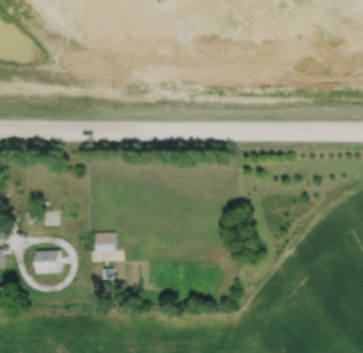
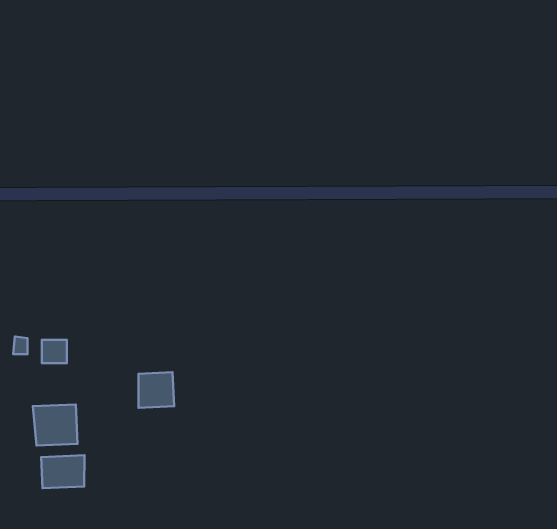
building: none -> [41,455,85,488]

